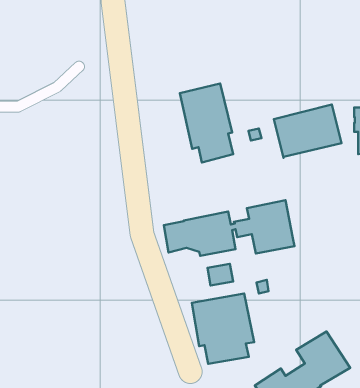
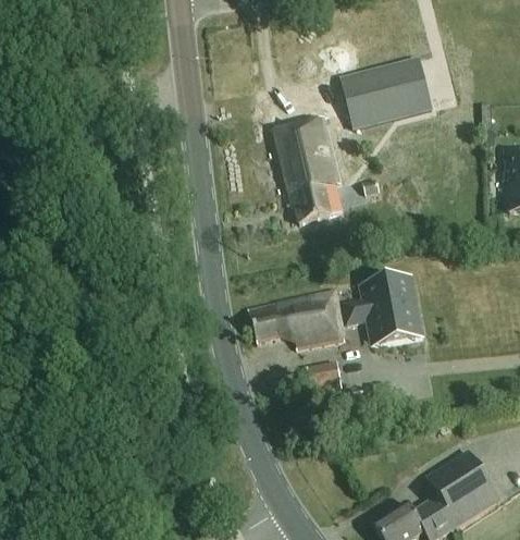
building: [274,105,341,158] -> [342,57,433,128]
building: [192,293,254,364] -> none

